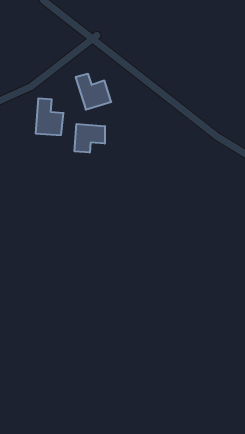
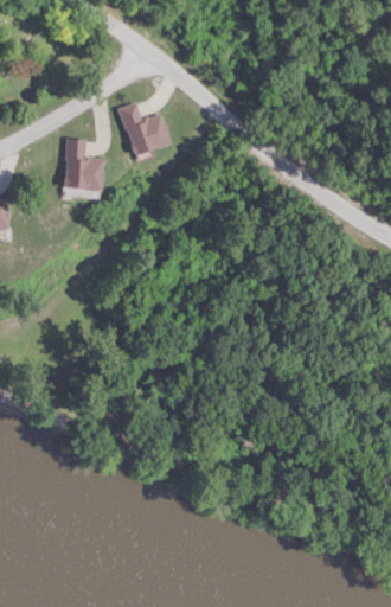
building: [75,124,105,153] -> none

